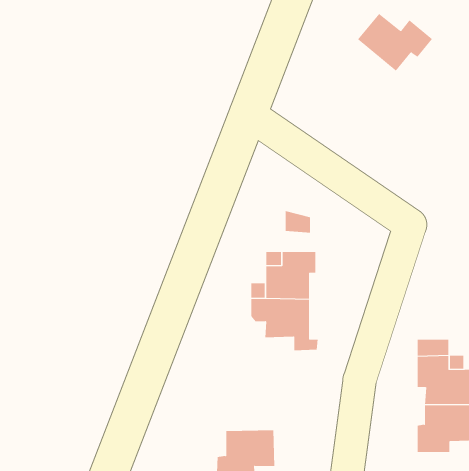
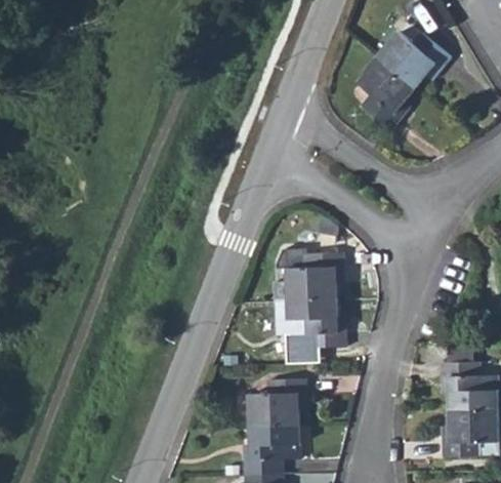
building: none -> [357,57,416,130]
building: none -> [254,383,308,430]

